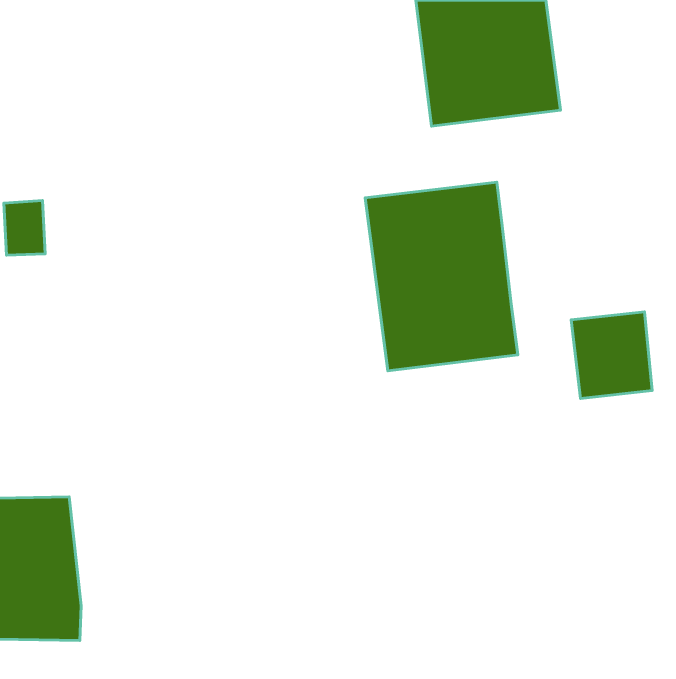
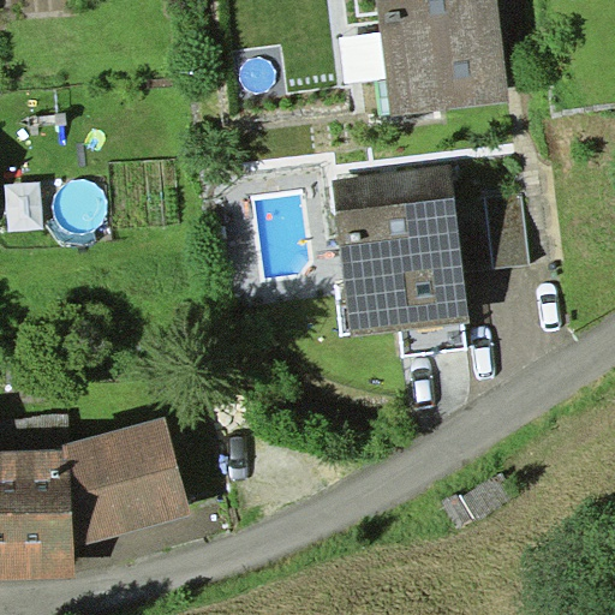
building: [571,312,652,398] -> [454,197,527,275]
building: none -> [62,417,190,548]

